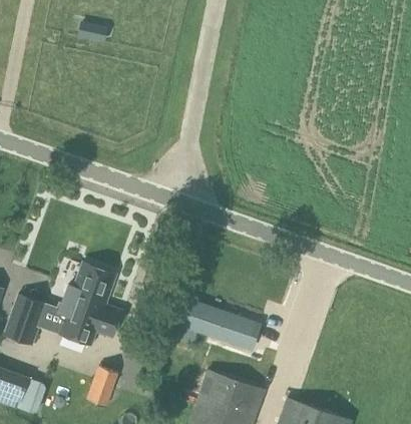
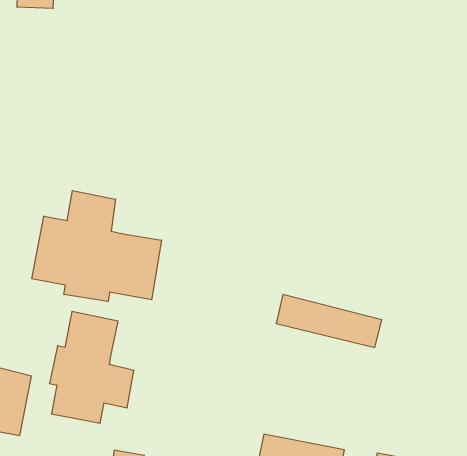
building: none -> [32,191,162,302]
building: [182,301,259,349] -> [276,295,382,347]

